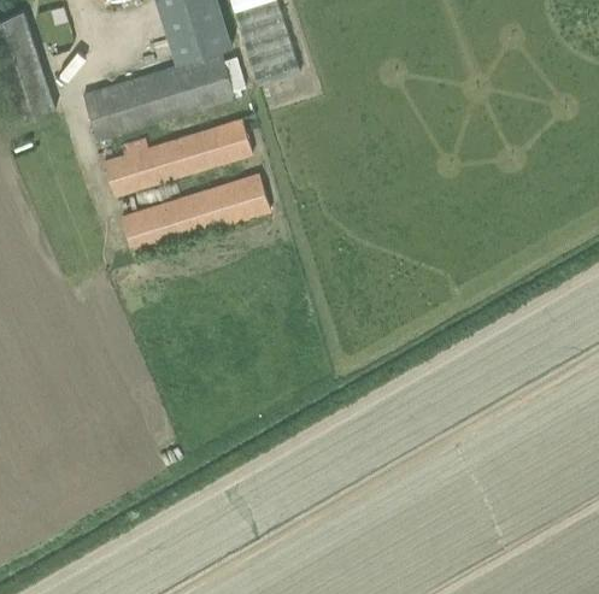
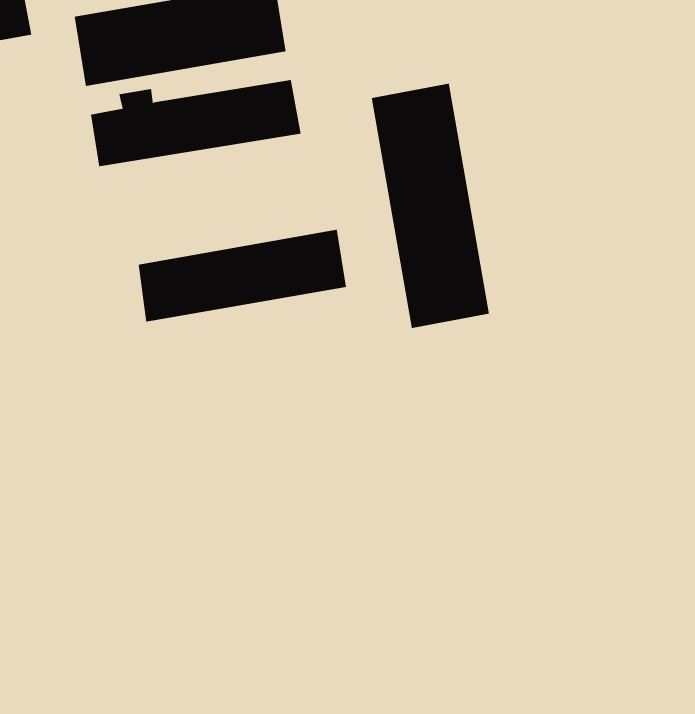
building: none -> [371,83,490,329]
building: [122,171,271,254] -> [138,229,347,322]

